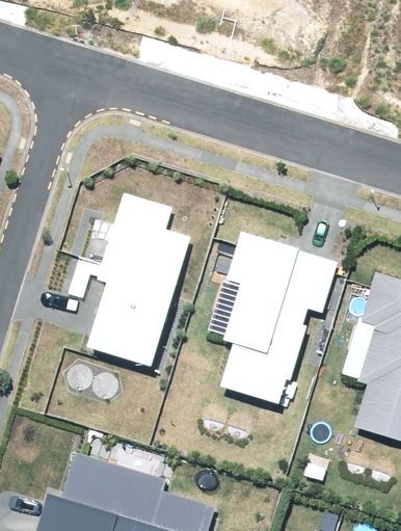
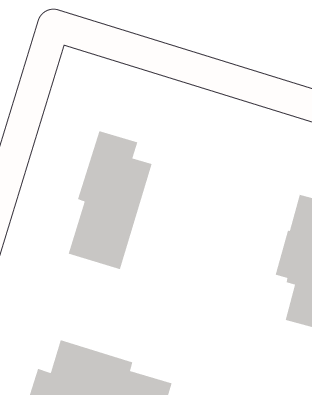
building: [219,233,337,403] -> none

